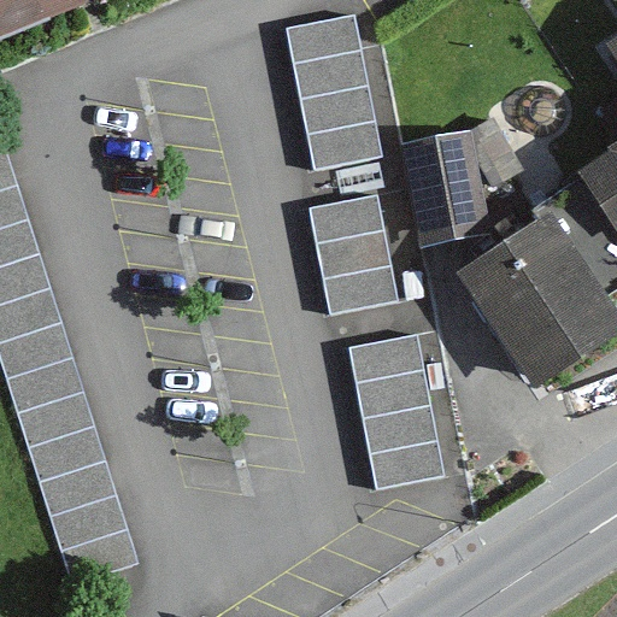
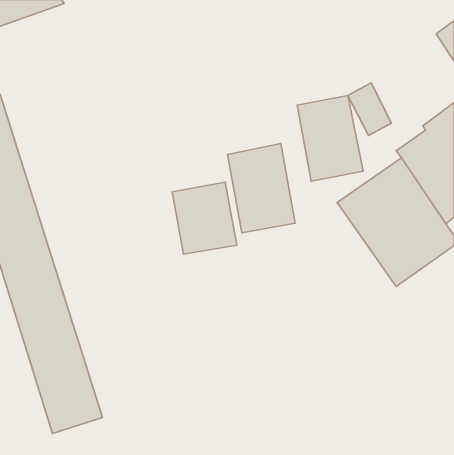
building: [283,16,383,171] -> none
building: none -> [172,182,237,254]
building: [348,335,442,488] -> none

